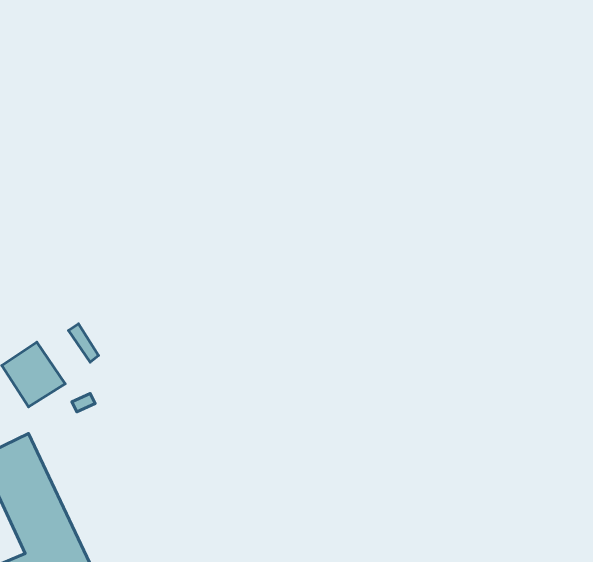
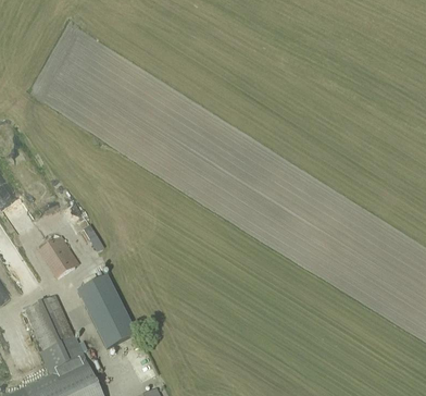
building: none -> [76,275,135,349]

